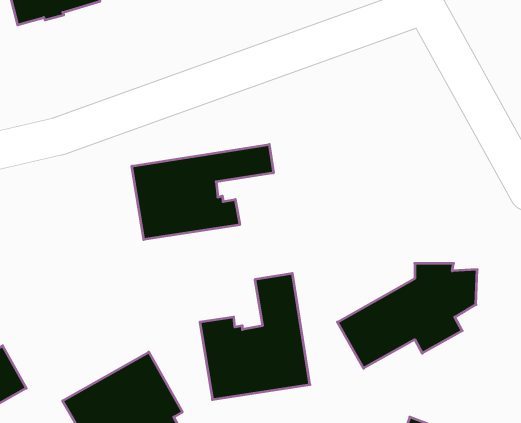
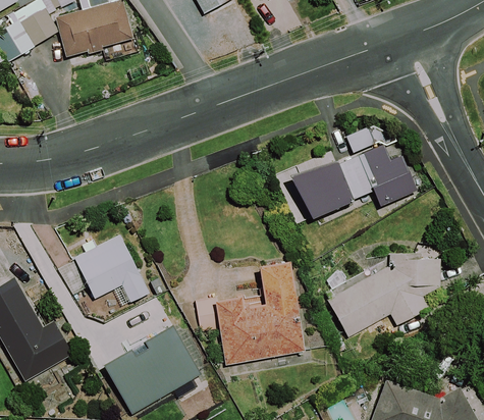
building: none -> [291,144,418,218]
building: [132,144,273,240] -> none
building: none -> [74,233,151,303]

